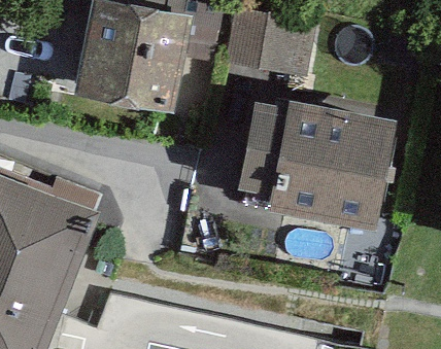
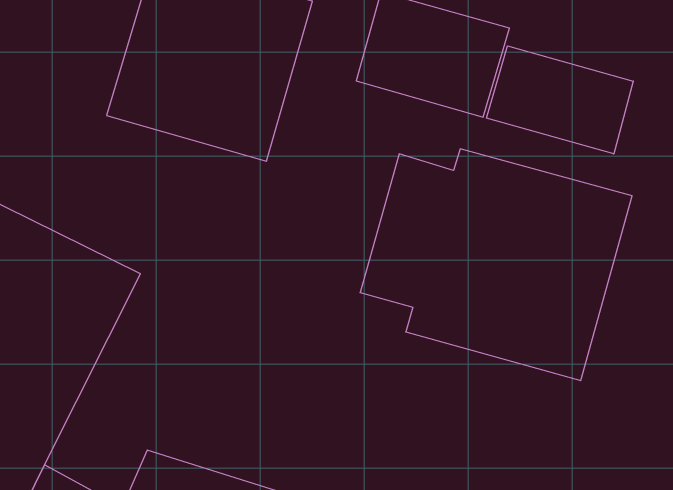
building: none -> [487,46,633,154]

